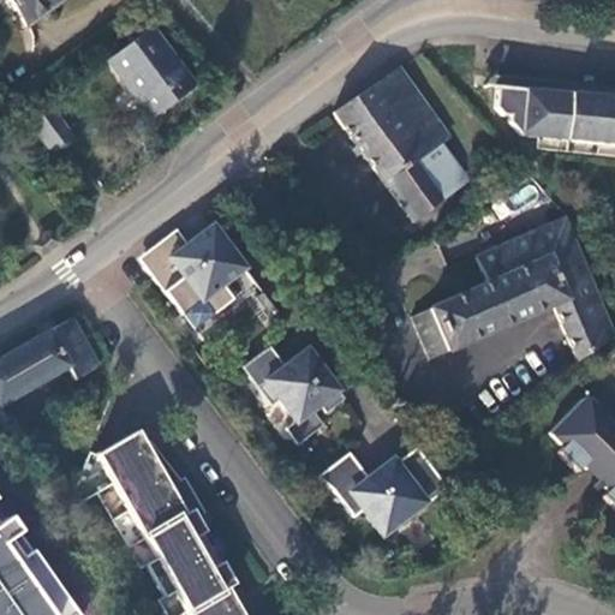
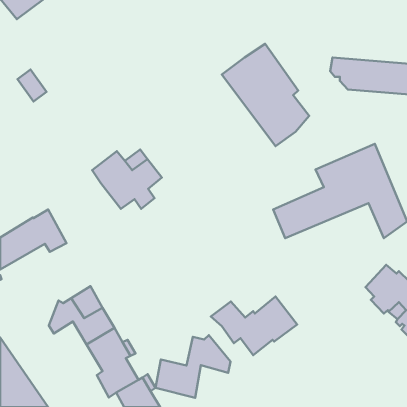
building: [109,25,198,118] -> none
building: [246,348,350,444] -> none
building: none -> [155,335,230,398]

